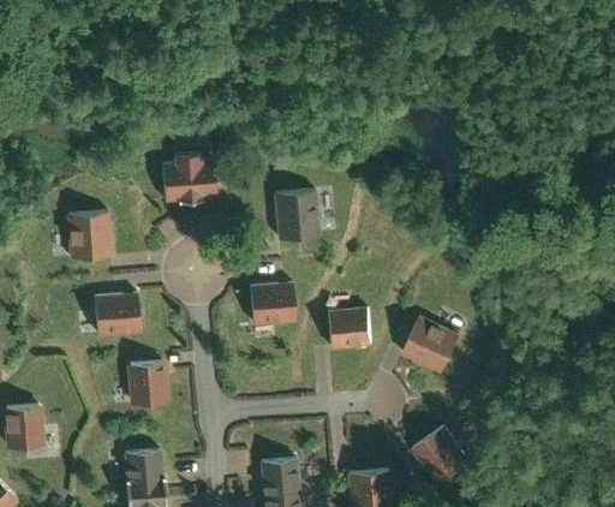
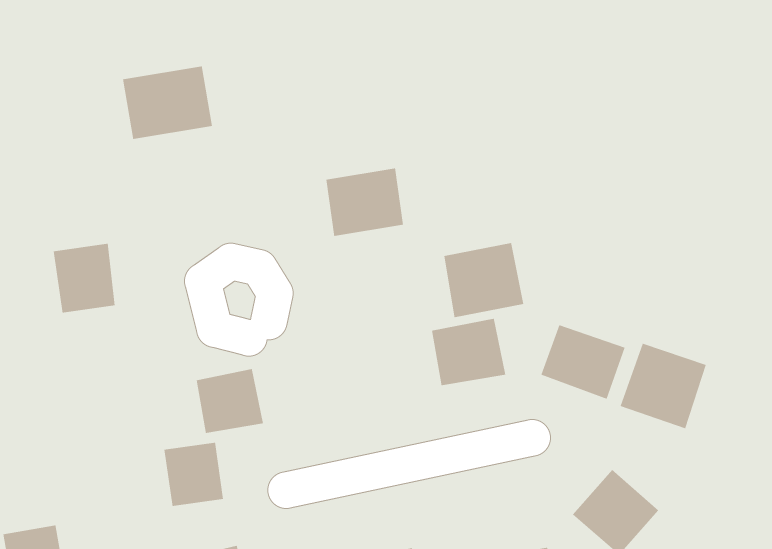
building: [161,157,220,202] -> [122,66,213,139]
building: [251,282,303,329] -> [443,243,524,318]
building: [101,290,144,330] -> [196,369,264,434]
building: none -> [620,343,706,429]

